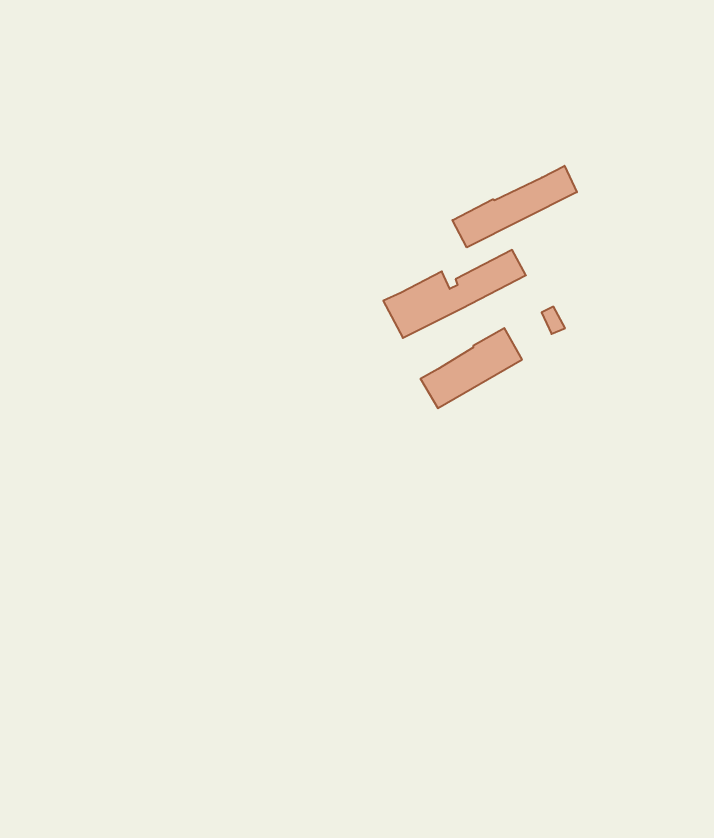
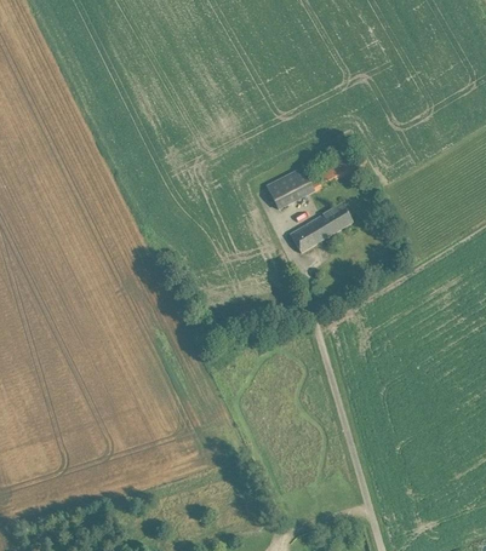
building: [452,166,577,247] -> none

